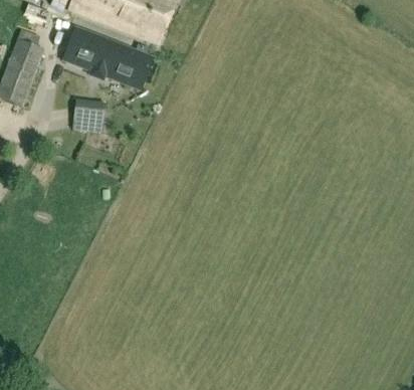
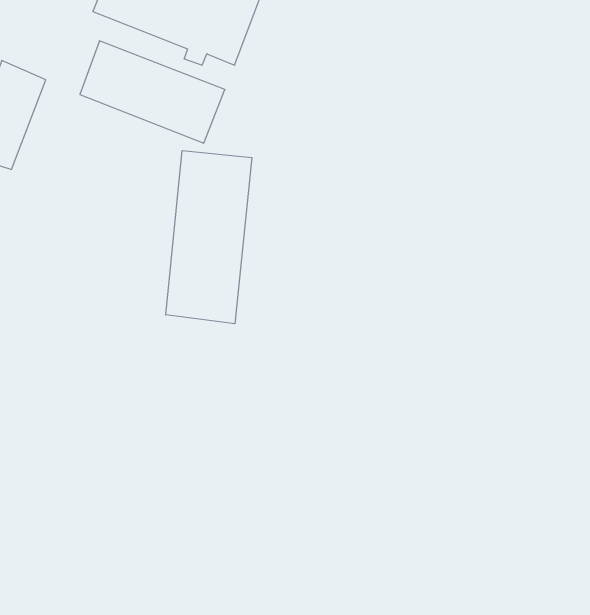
building: none -> [166,151,252,324]
building: [70,99,102,133] -> none

